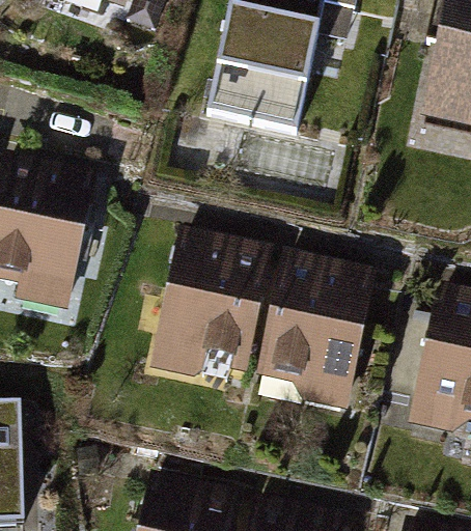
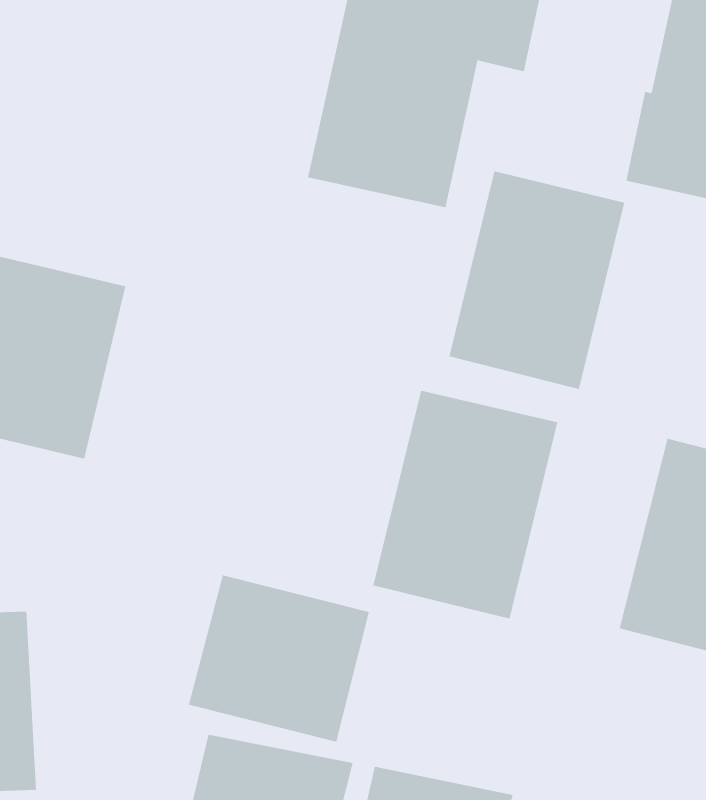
building: none -> [449,170,625,390]
building: [147,237,267,379] -> none
building: none -> [188,575,370,743]

